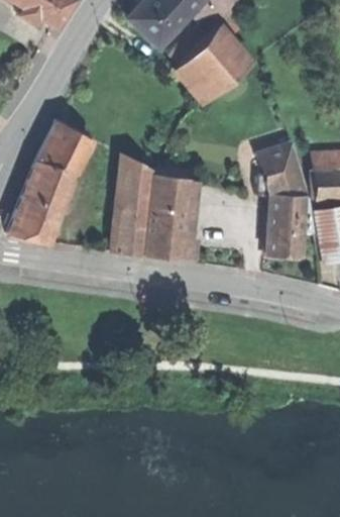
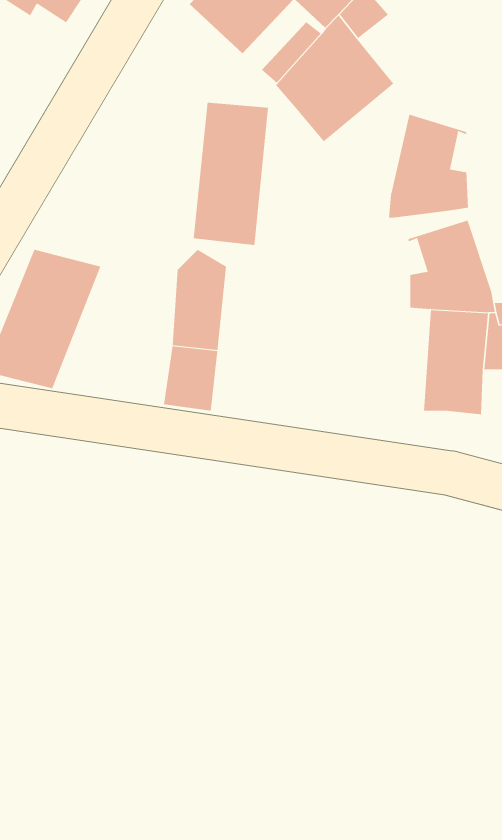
building: none -> [388,114,469,218]
building: [37,122,89,171] -> none
building: [145,176,190,260] -> [193,102,269,245]

